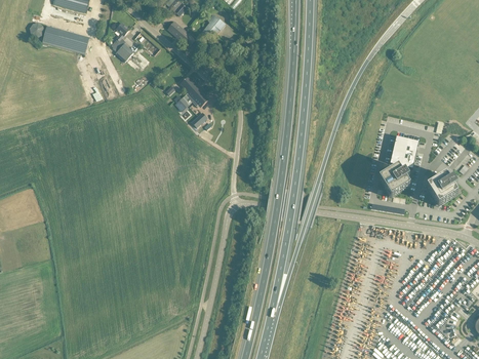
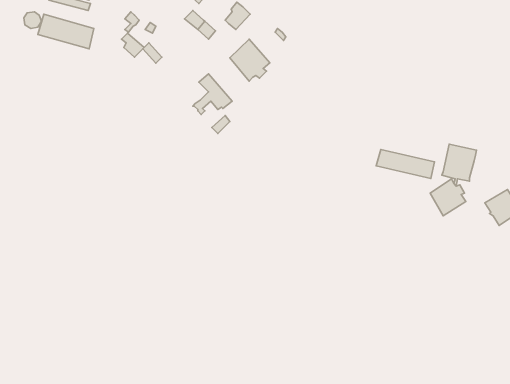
building: none -> [230,39,270,81]
building: none -> [376,150,434,178]

